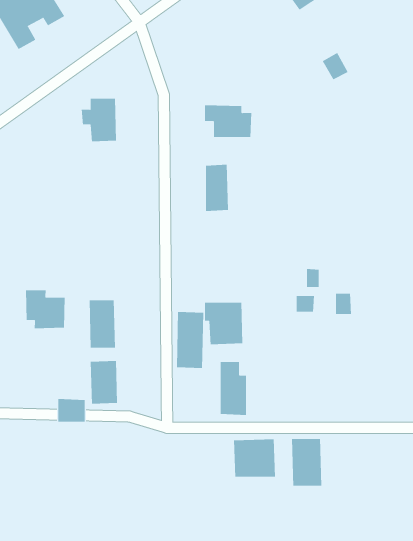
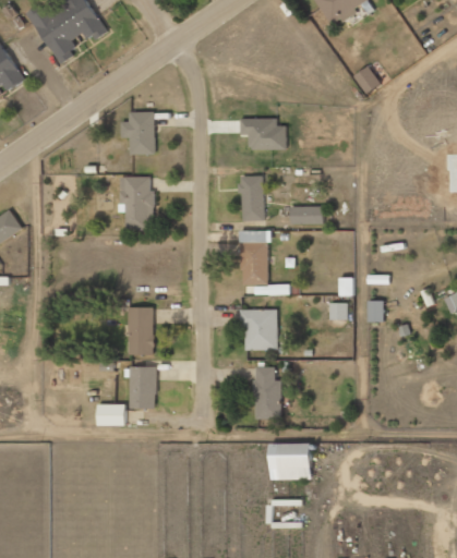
building: none -> [120,175,153,232]
building: none -> [290,206,323,223]
building: [25,290,65,329] -> none
building: [176,311,204,369] -> [241,230,268,286]
building: [291,438,322,487] -> none

